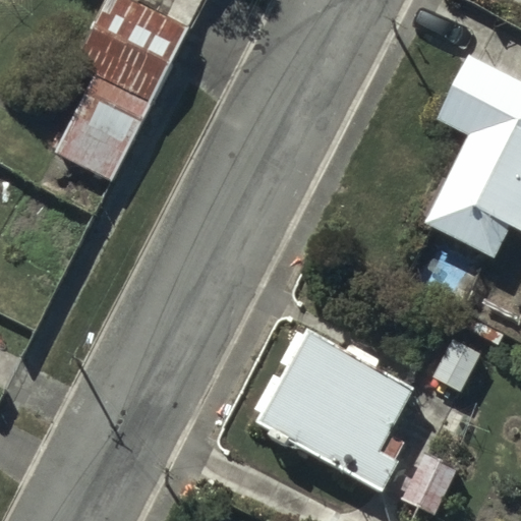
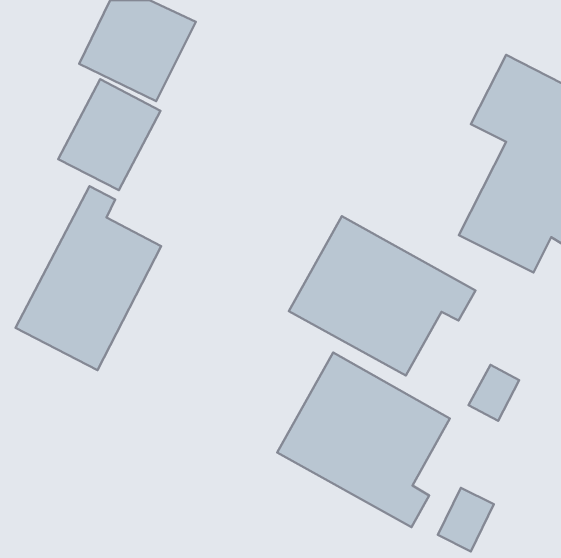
building: none -> [15,186,161,370]
building: none -> [289,216,475,375]

